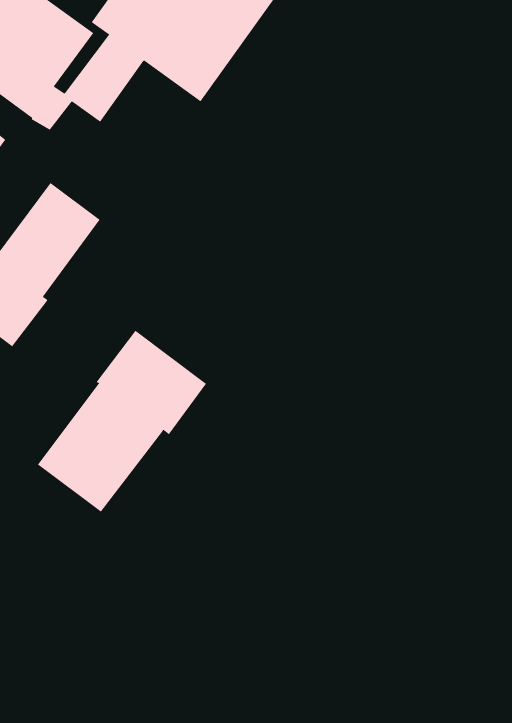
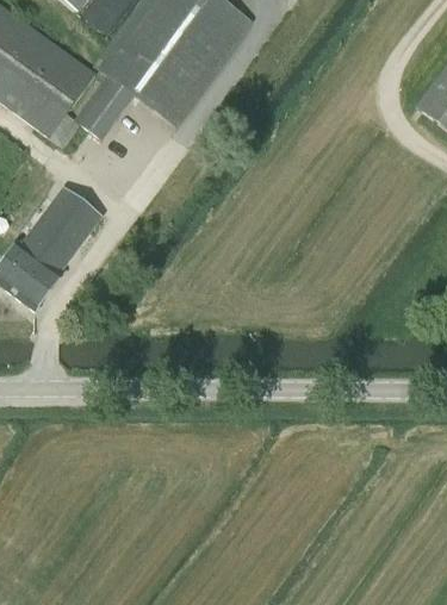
building: [37,330,207,512] -> none

